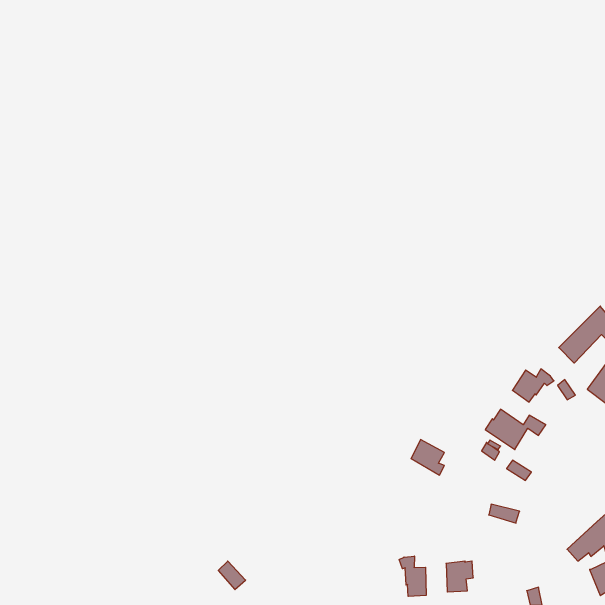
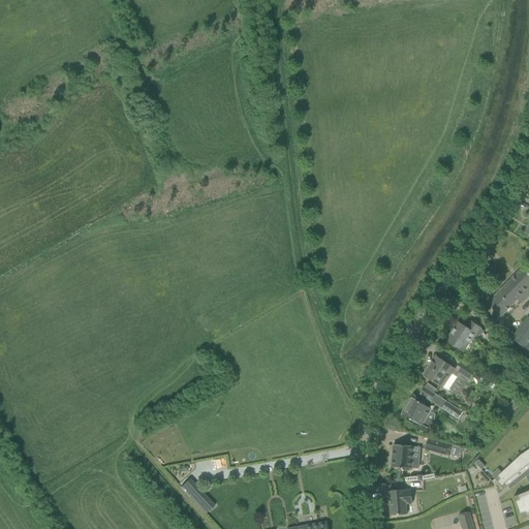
building: [411,440,444,475] -> [403,397,432,428]
building: none -> [391,444,421,470]
building: [399,556,426,596] -> none

